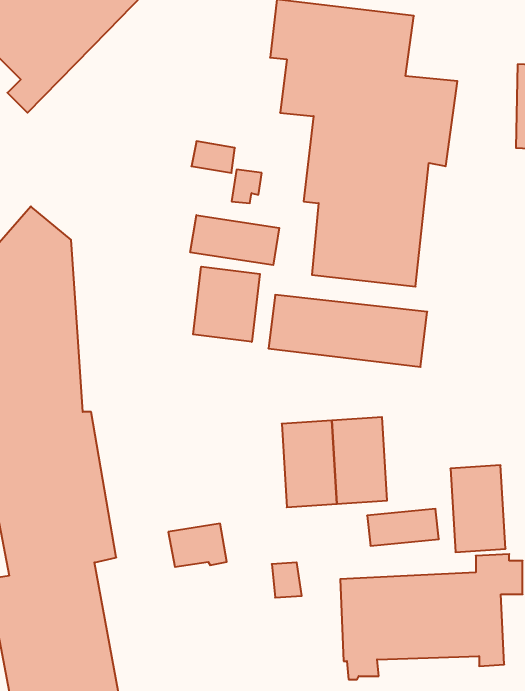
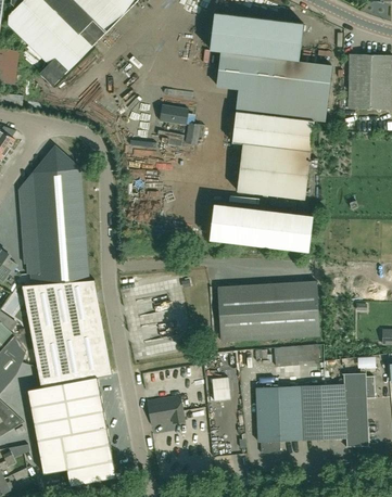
building: none -> [349,53,371,109]
building: [190,215,279,265] -> none
building: [193,267,260,342] -> none
building: [450,465,506,552] -> [283,281,319,337]
building: [168,524,227,567] -> [147,396,185,424]

